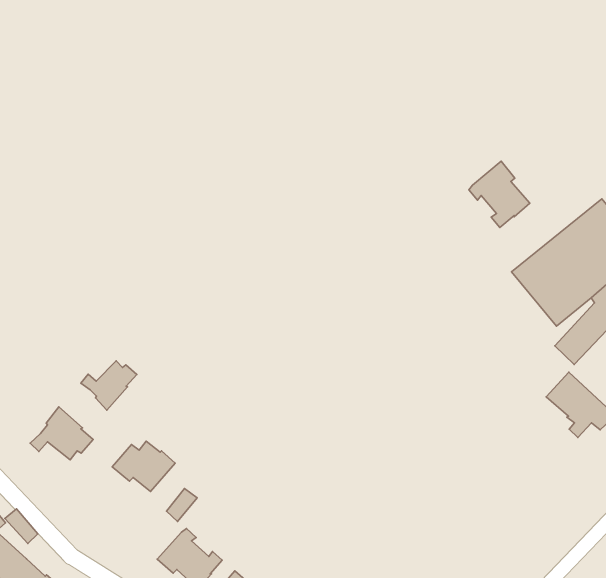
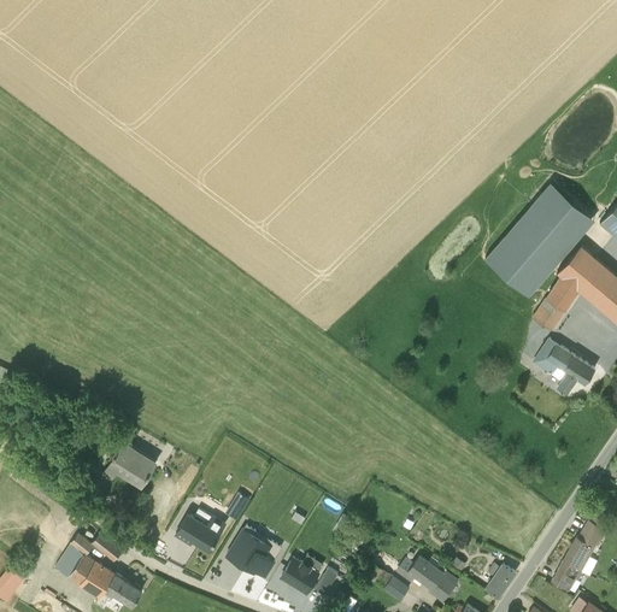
building: [469,161,530,228] -> none
building: [81,361,137,410] -> none
building: [112,441,175,492] -> [172,508,225,551]

